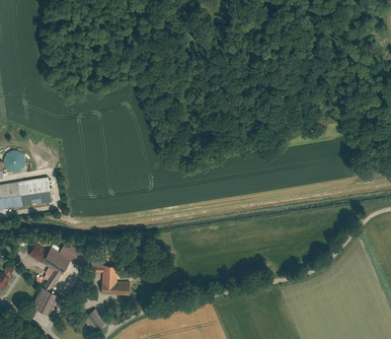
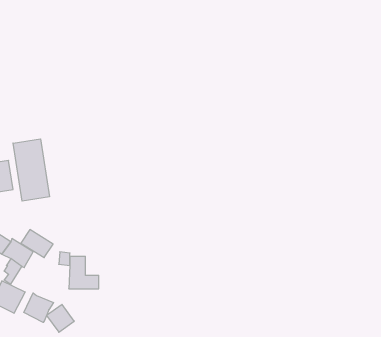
building: none -> [13,139,49,201]
building: none -> [24,293,54,322]

